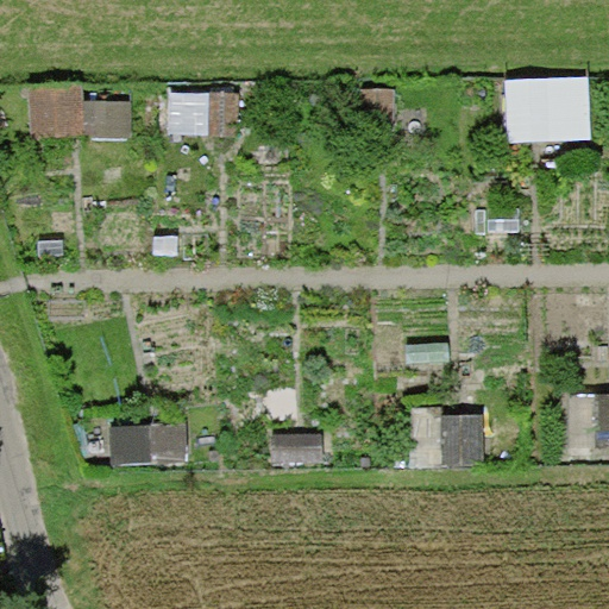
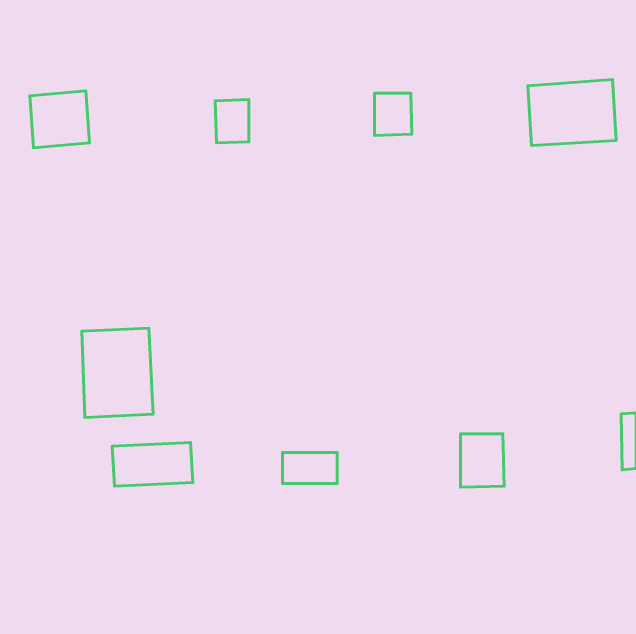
building: none -> [82,328,153,418]

